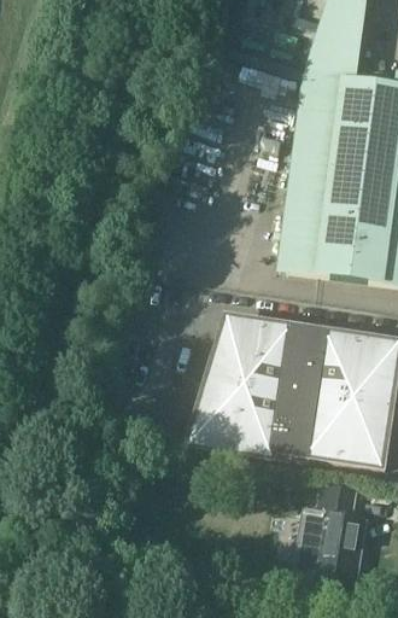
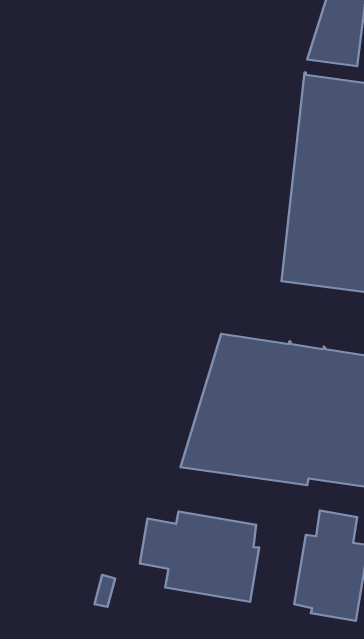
building: none -> [140,512,259,602]

